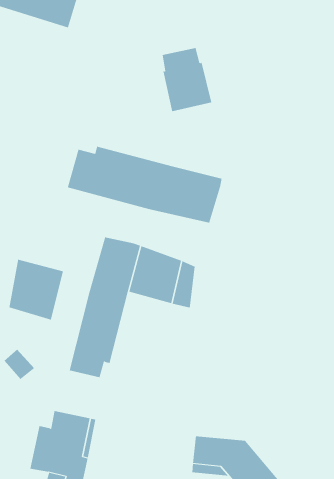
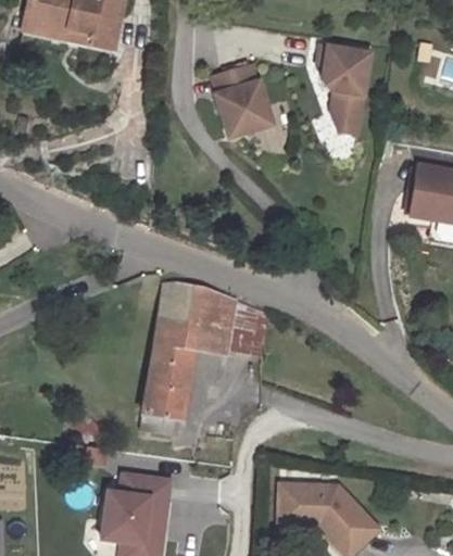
building: none -> [318,46,370,135]
building: [67,146,222,223] -> none
building: [9,259,63,321] -> none

